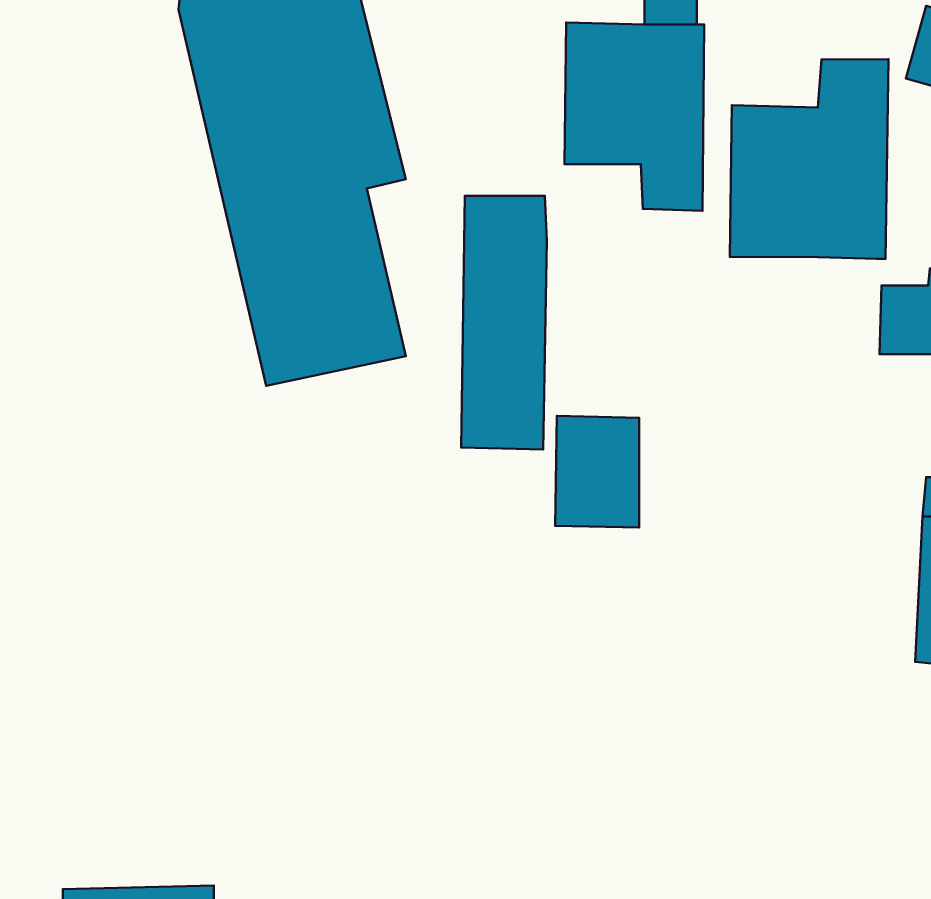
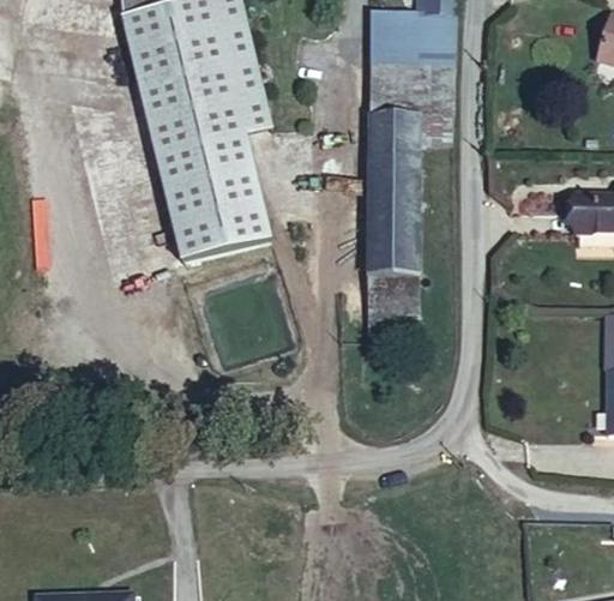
building: [730,59,889,259] -> none
building: [461,196,547,449] -> [367,116,422,280]

